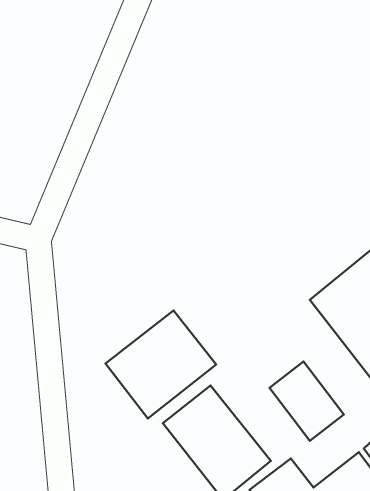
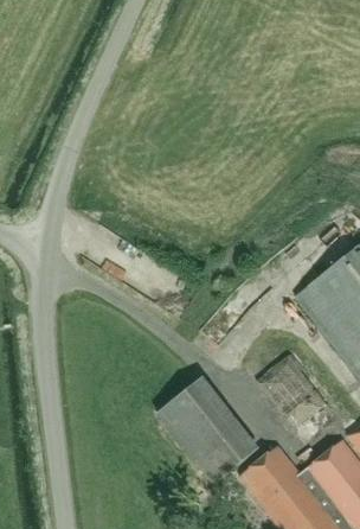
building: [105,310,216,419] -> none

